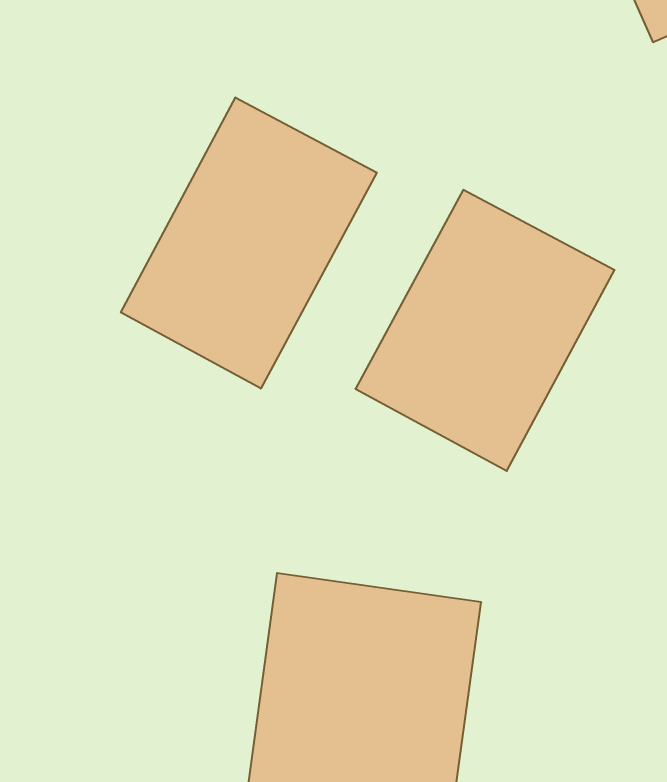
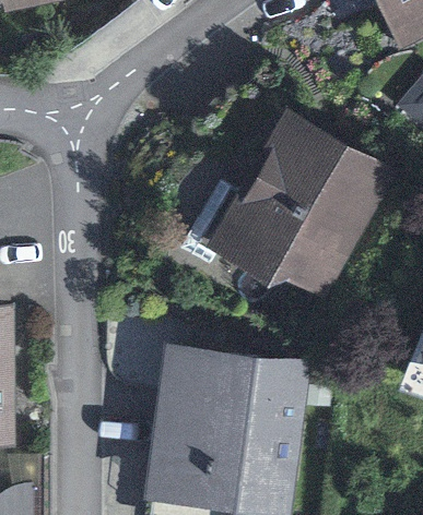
building: [121,97,377,389] -> none

